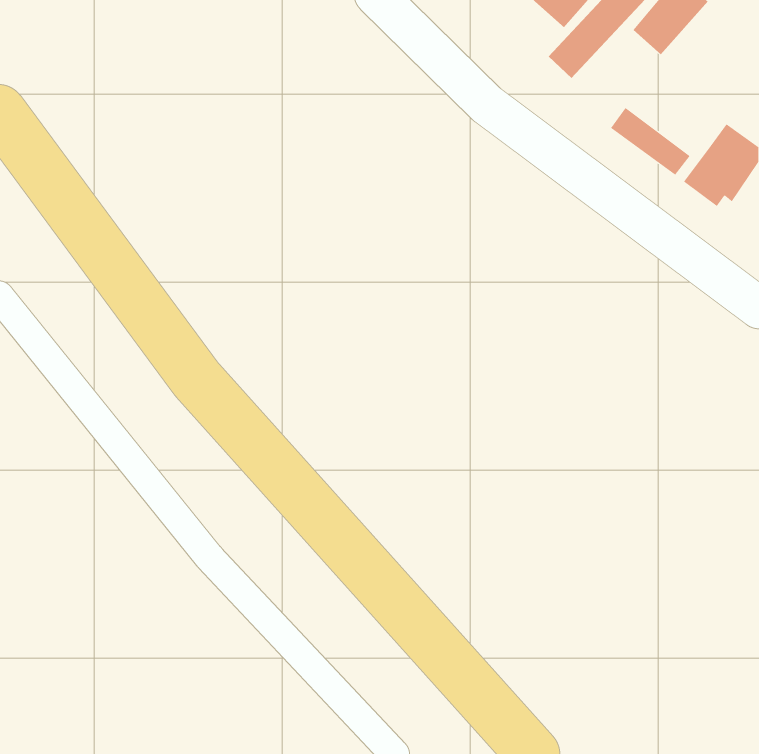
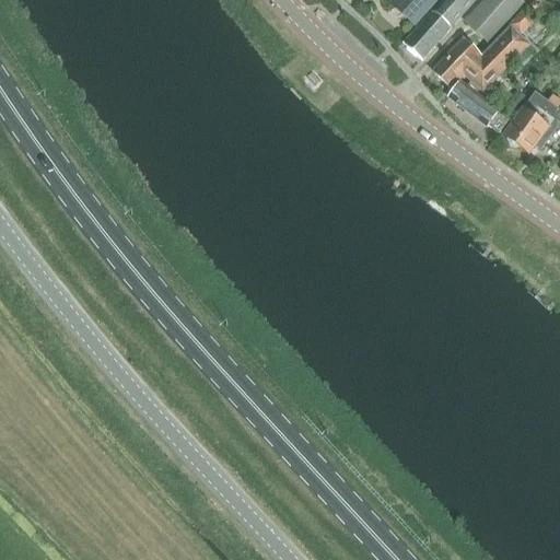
building: none -> [432,4,537,90]

